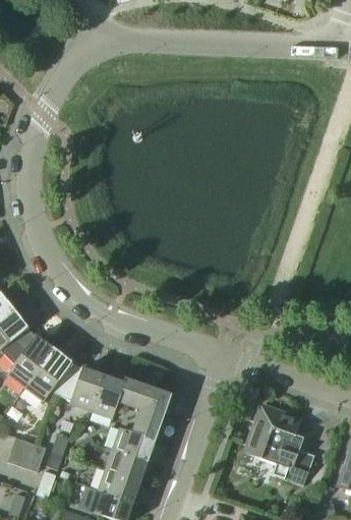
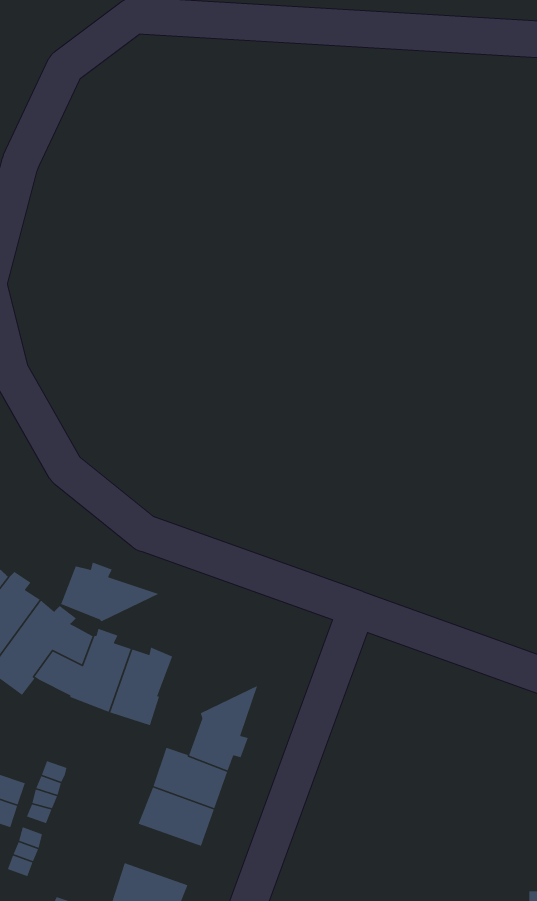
building: [116,377,170,409] -> [60,562,160,622]
building: [236,400,313,485] -> none
building: [98,469,139,502] -> none

